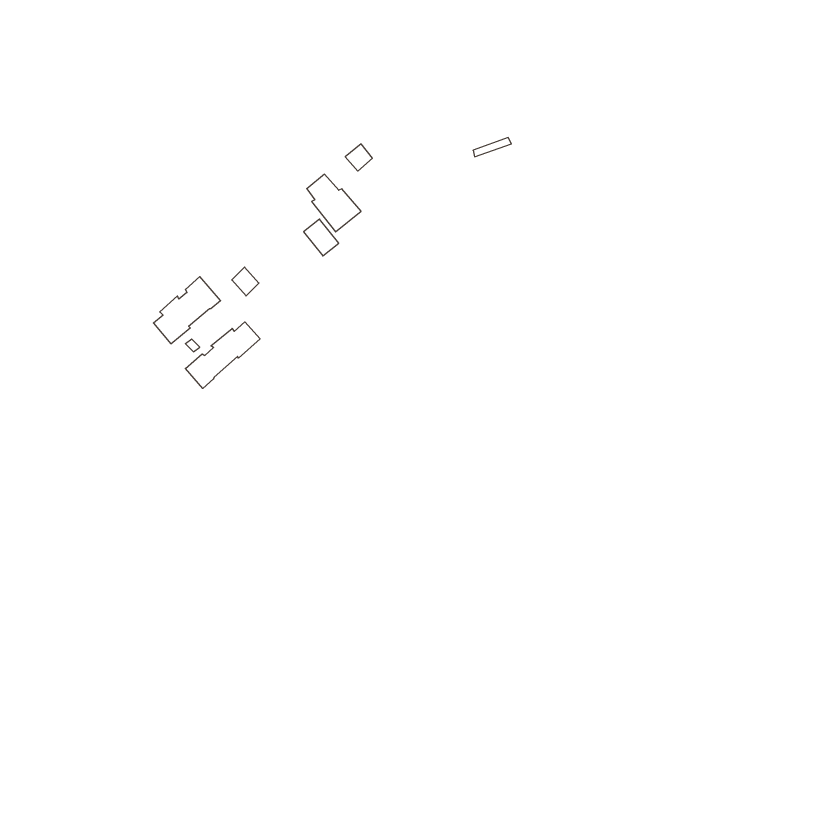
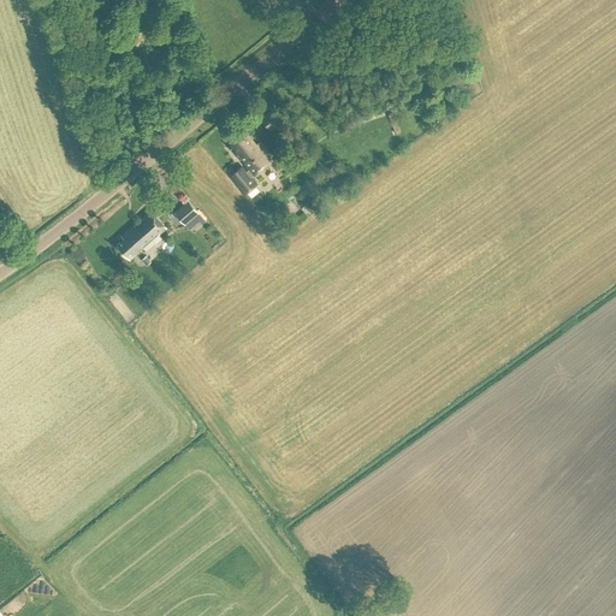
building: [185,322,260,388] -> none

